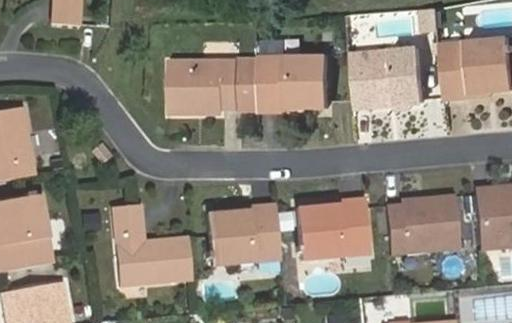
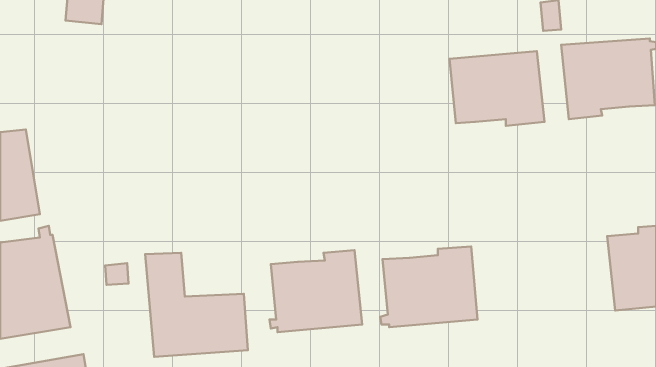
building: [258,54,328,113] -> none
building: [169,59,239,116] -> none
building: [387,193,462,254] -> none

